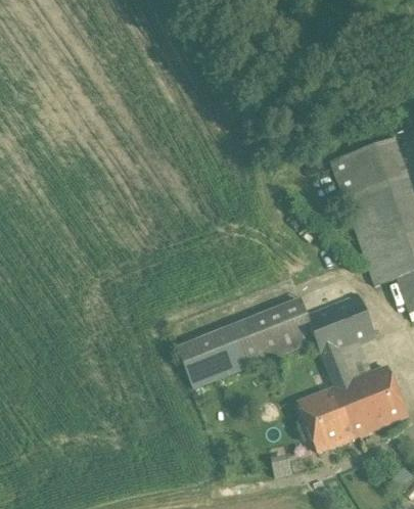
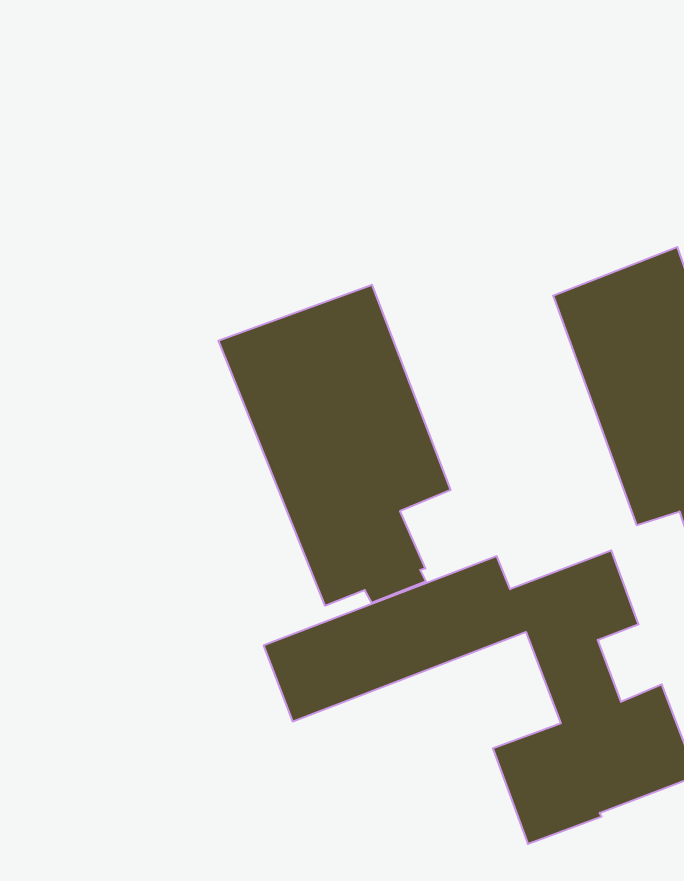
building: none -> [218,285,451,606]

